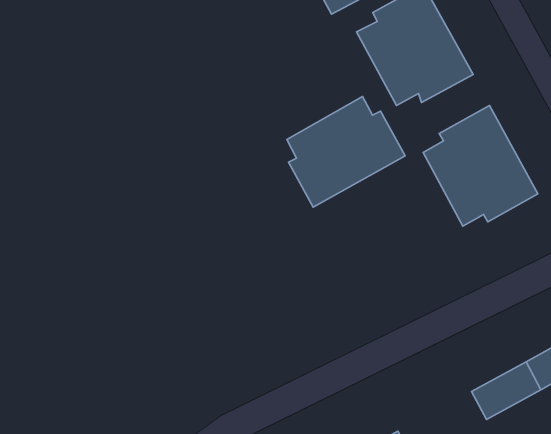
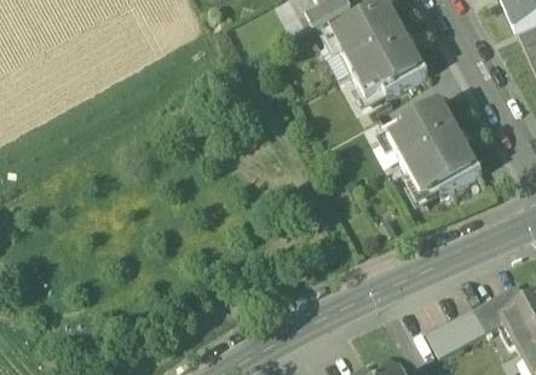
building: [287,97,405,207] -> none

